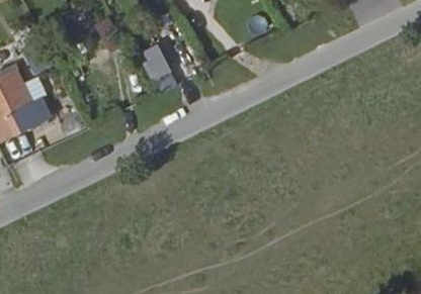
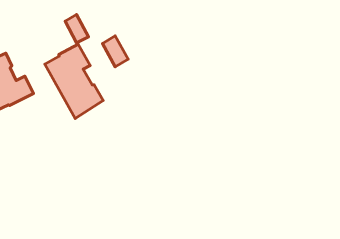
building: none -> [45,44,103,118]

